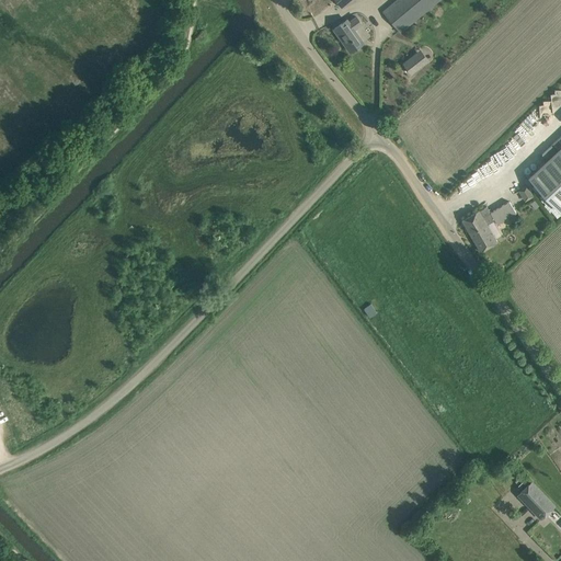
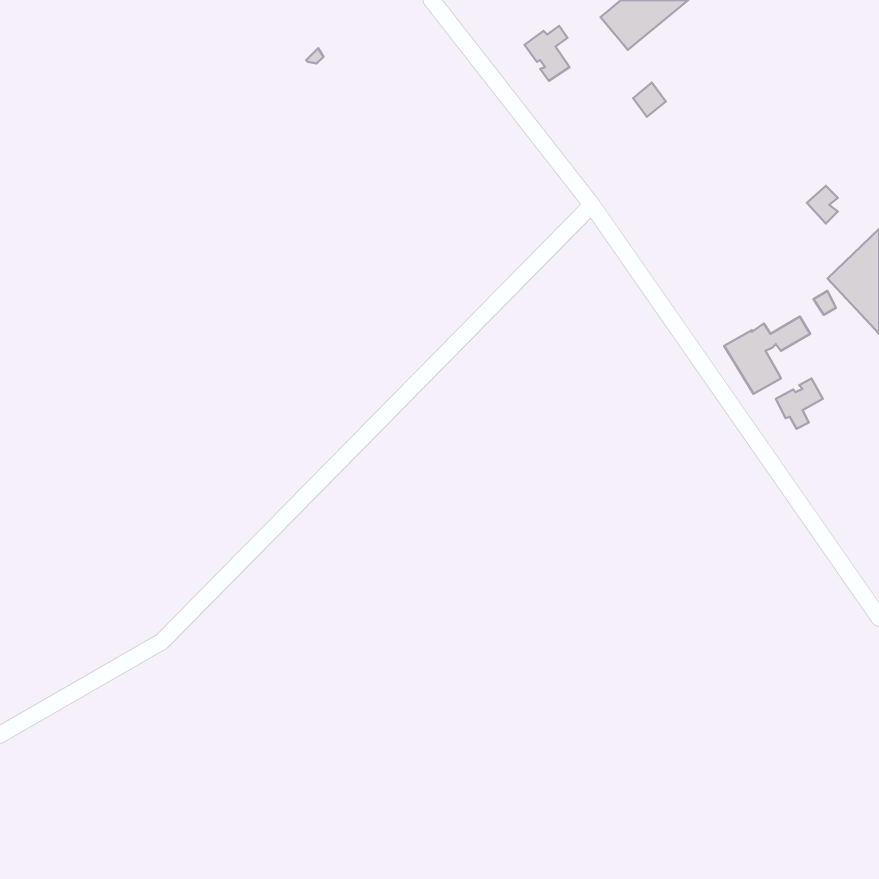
building: none -> [776,379,823,429]
building: [517,481,554,518] -> none

